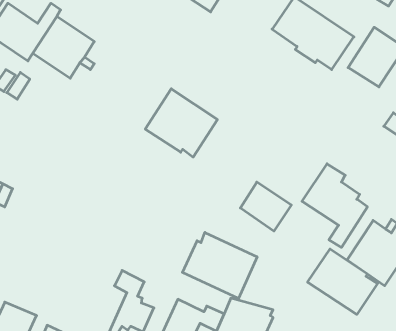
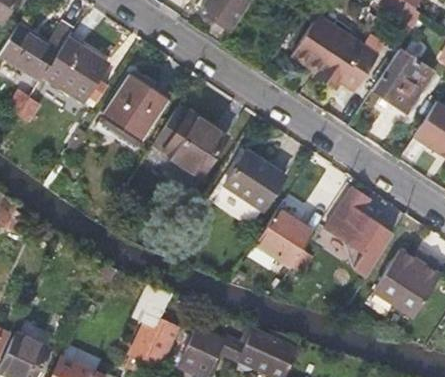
building: none -> [104,74,169,141]
building: none -> [224,150,286,212]
building: [182,232,257,299] -> none
building: [308,249,378,314] -> none

